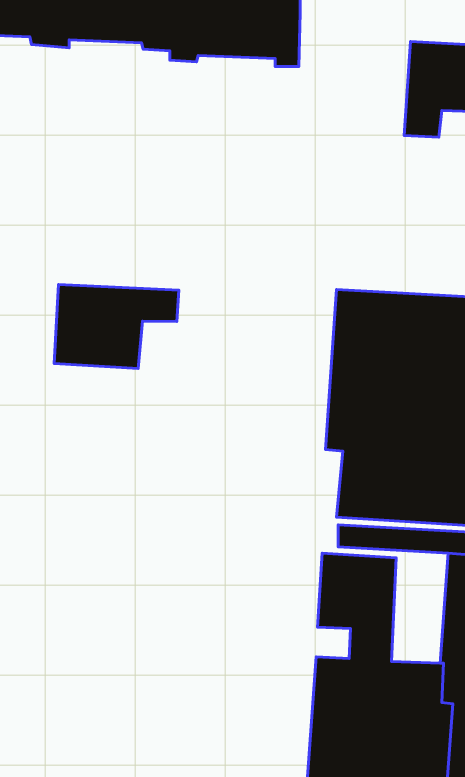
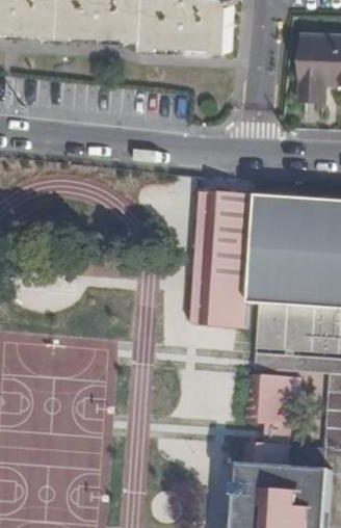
building: [54,285,179,369] -> none
building: none -> [190,195,256,329]

